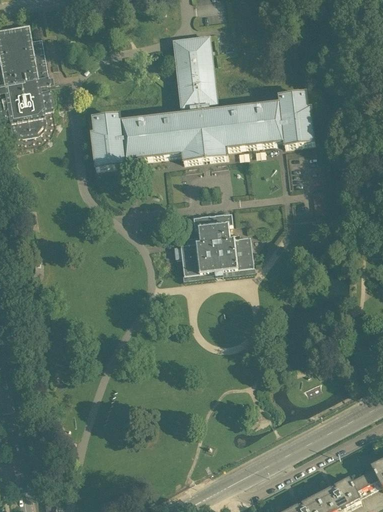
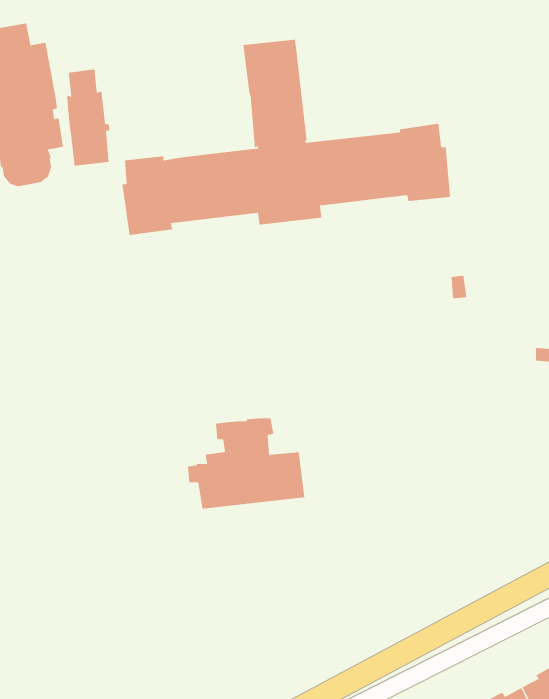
building: none -> [67,68,110,167]
building: [174,212,254,274] -> [187,418,305,509]

